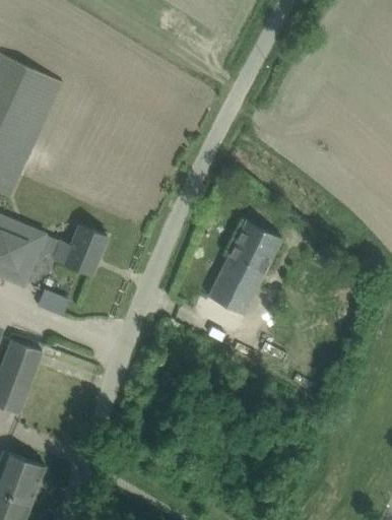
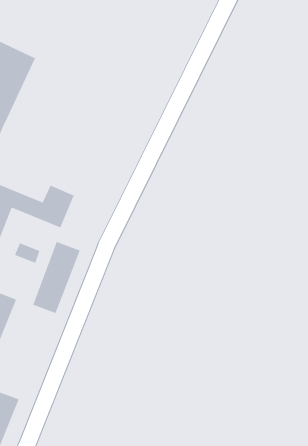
building: [208,219,282,315] -> none
building: none -> [32,241,80,314]

